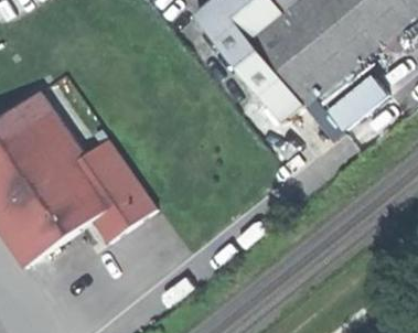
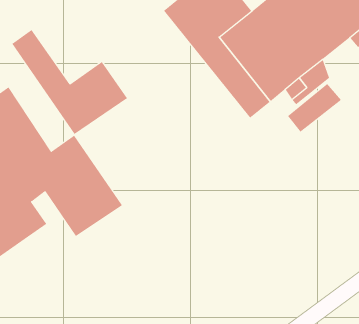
building: none -> [11,29,128,135]

